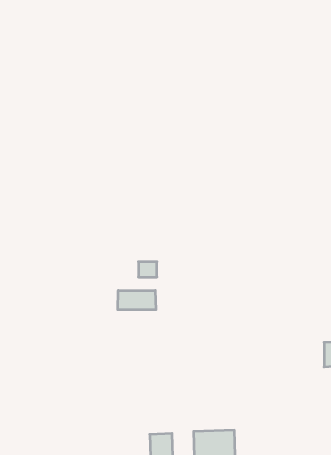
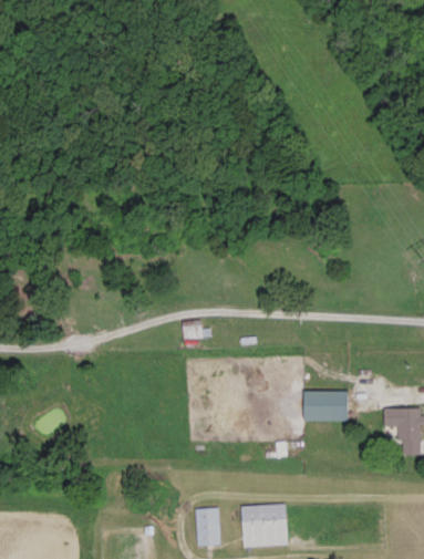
building: [118,290,156,310] -> none
building: none -> [304,392,349,421]

